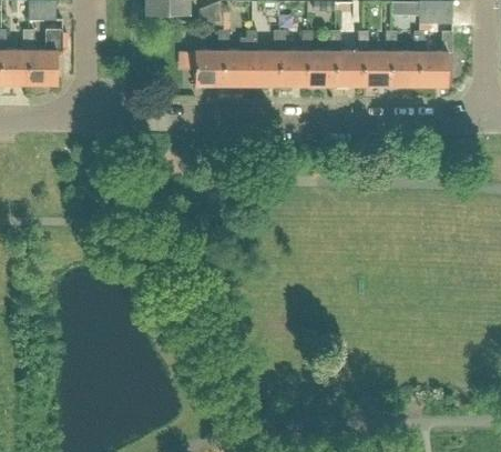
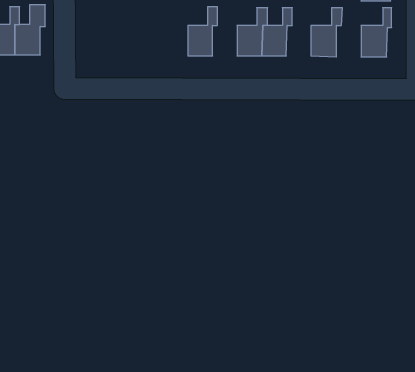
building: [195,30,229,86] -> none
building: [252,31,286,86] -> none
building: [335,31,369,86] -> none
building: [391,31,426,87] -> none

